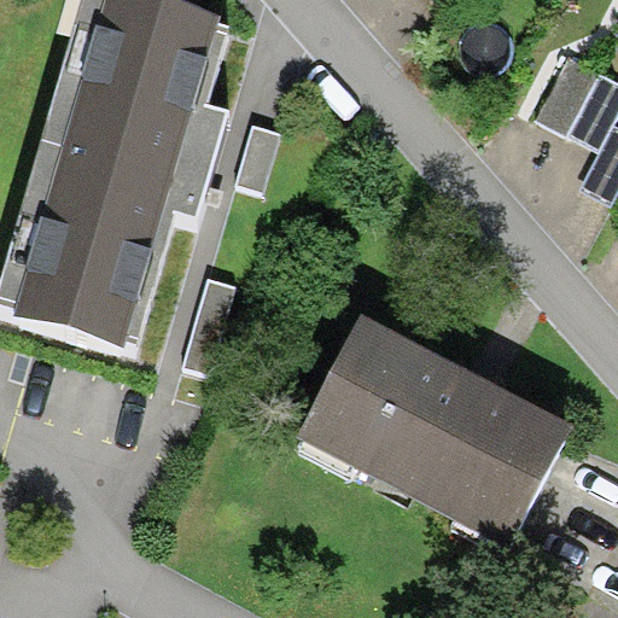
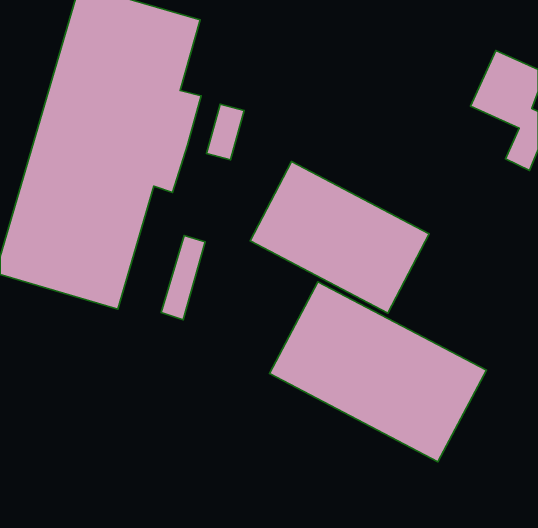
building: none -> [250,162,429,313]

